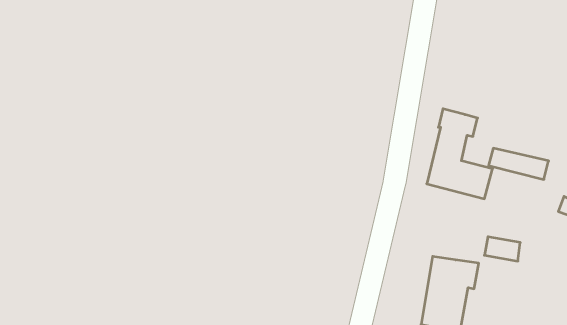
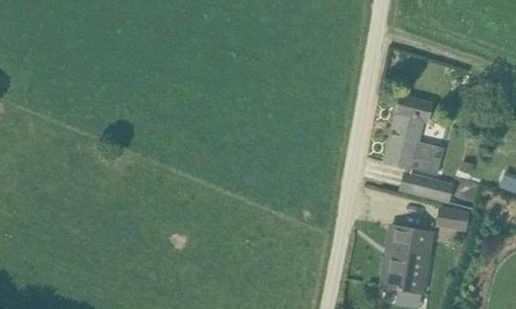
building: [489,148,549,179] -> [402,174,454,202]

